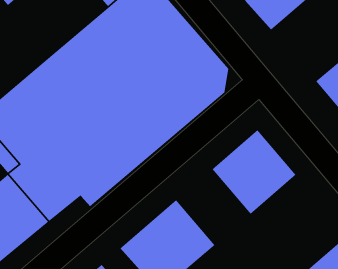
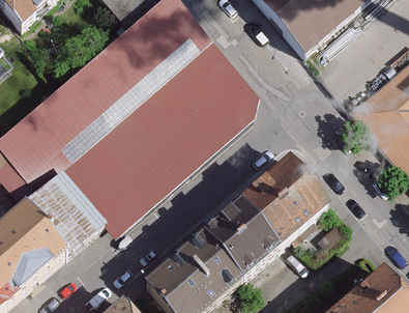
building: none -> [203,198,282,279]

